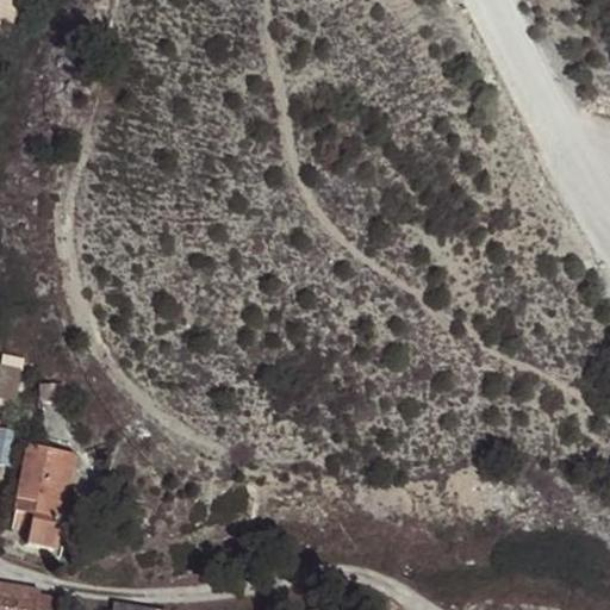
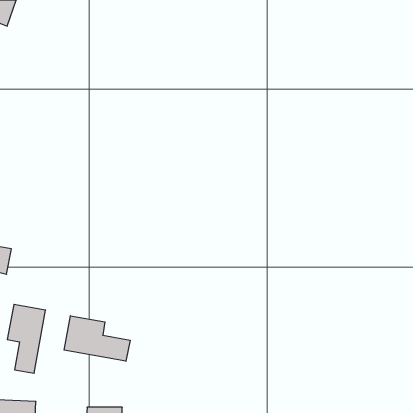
building: none -> [64,316,130,361]

